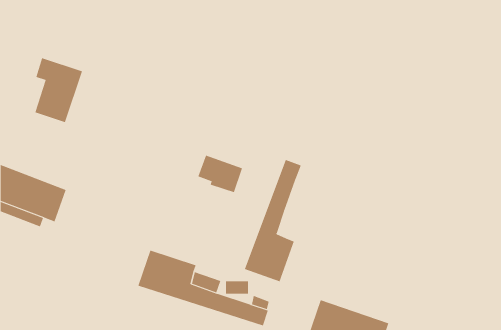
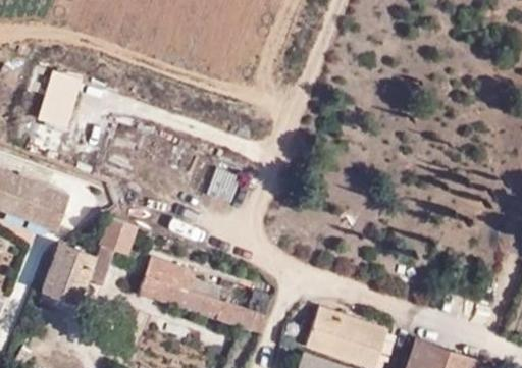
building: [244,159,301,282] -> none
building: none -> [46,216,138,303]

